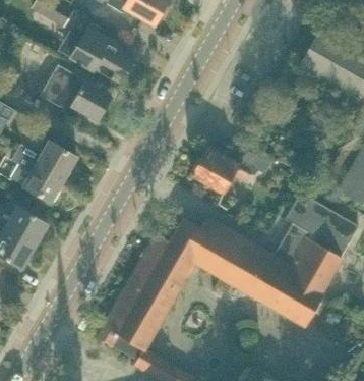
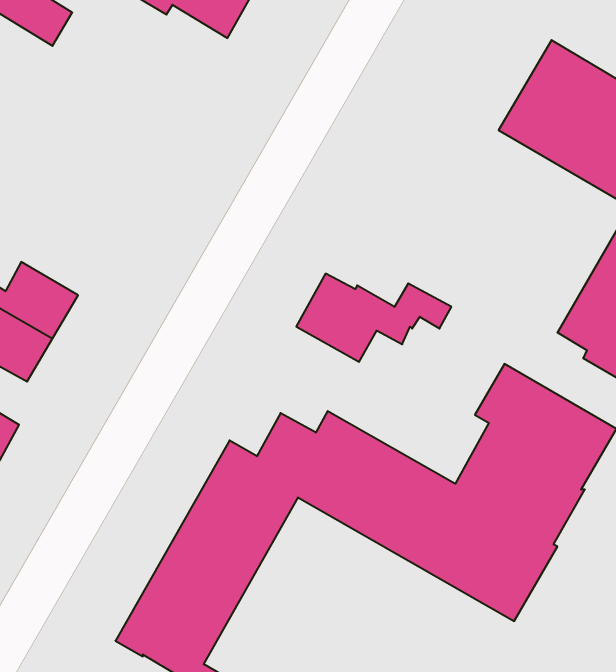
building: [71,28,134,84] -> none
building: [43,66,113,122] -> none

